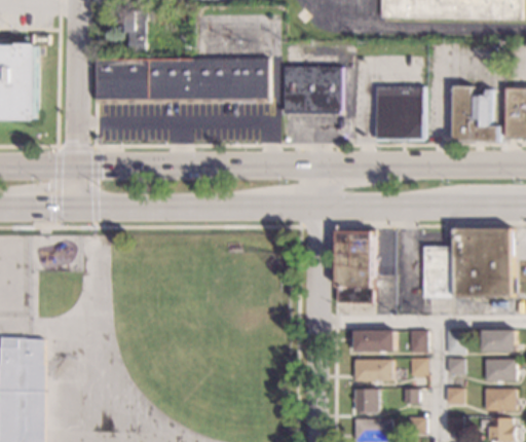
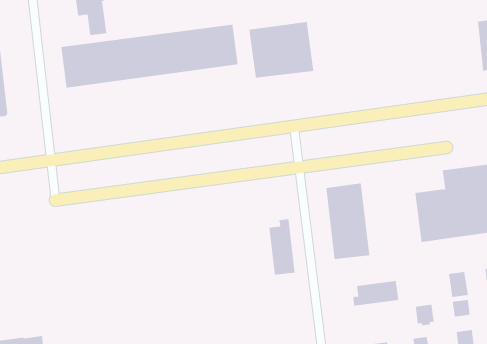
building: [454,85,499,141] -> none
building: [377,86,423,139] -> none
building: none -> [269,218,295,276]
building: [410,330,427,352] -> none
building: [355,359,392,380] -> none

